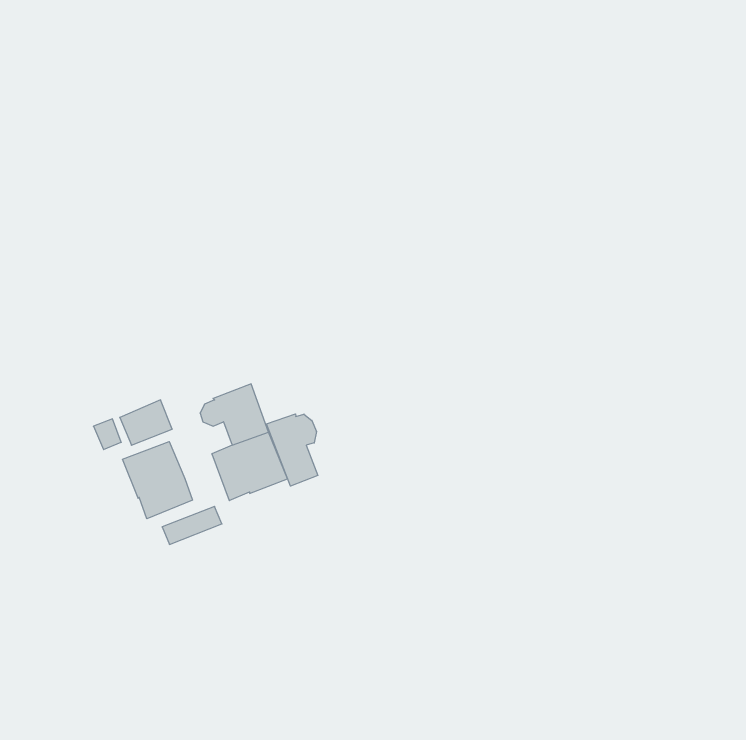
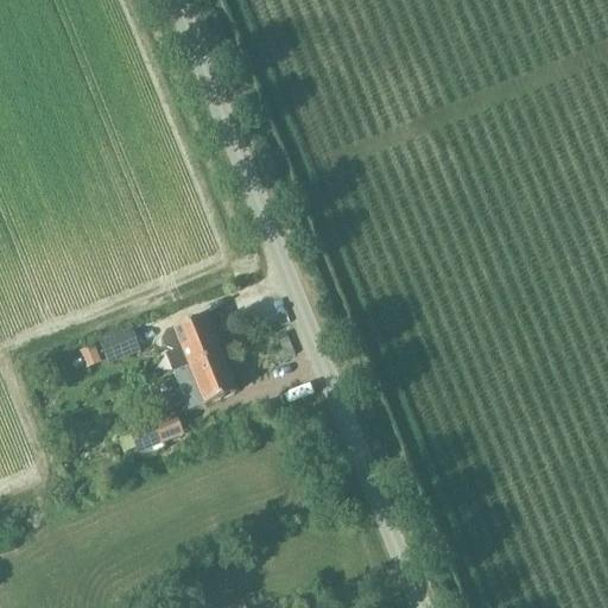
building: [267,414,318,486] -> none
building: [123,442,193,519] -> none

